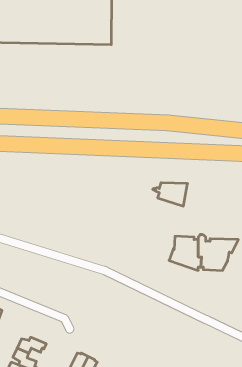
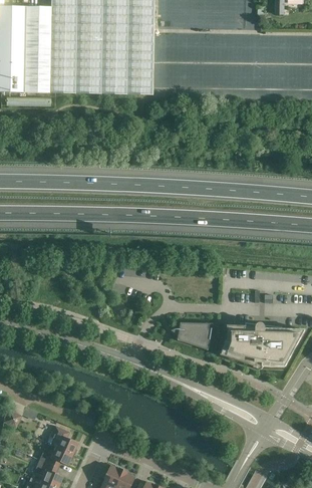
building: [153,183,188,206] -> [172,321,214,349]
building: none -> [47,425,77,454]

